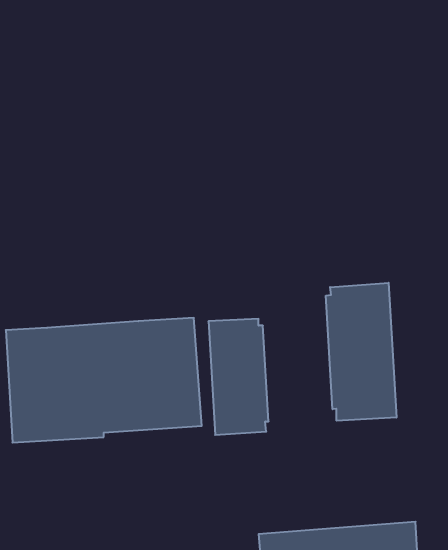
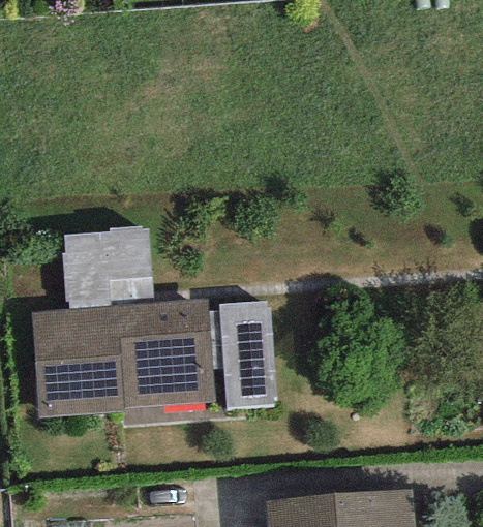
building: none -> [62,229,154,311]
building: [326,283,396,421] -> none

